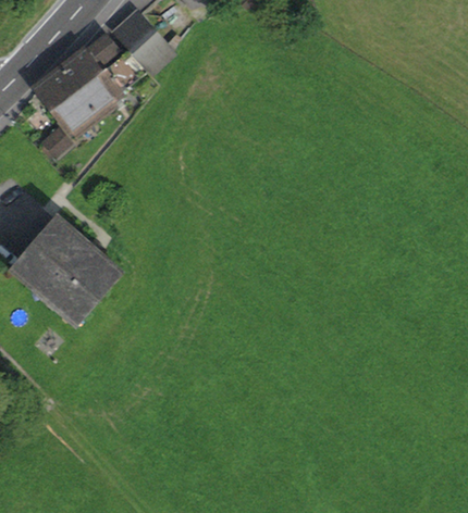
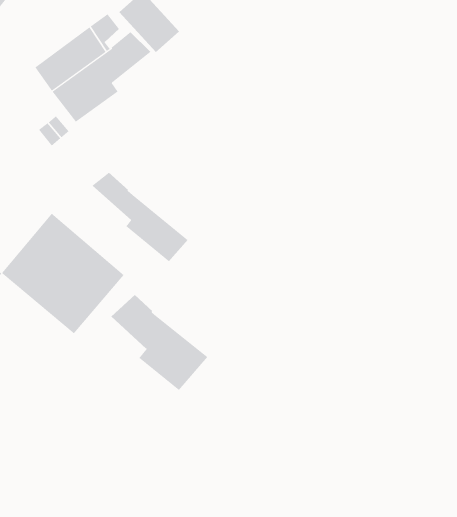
building: none -> [92,172,188,262]
building: none -> [111,294,208,391]

